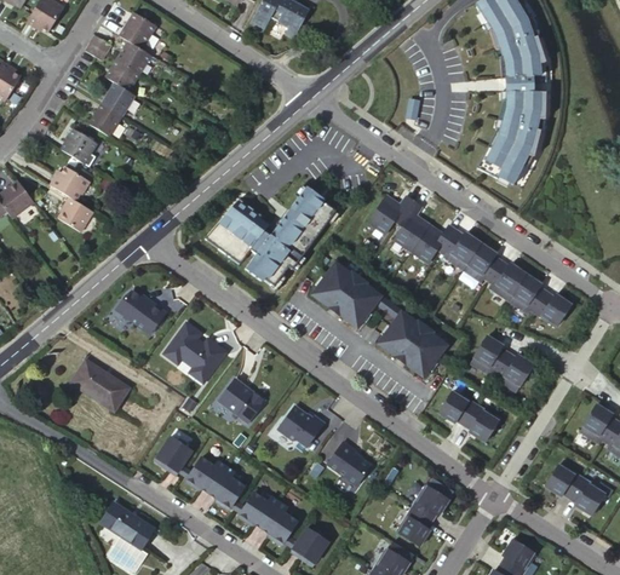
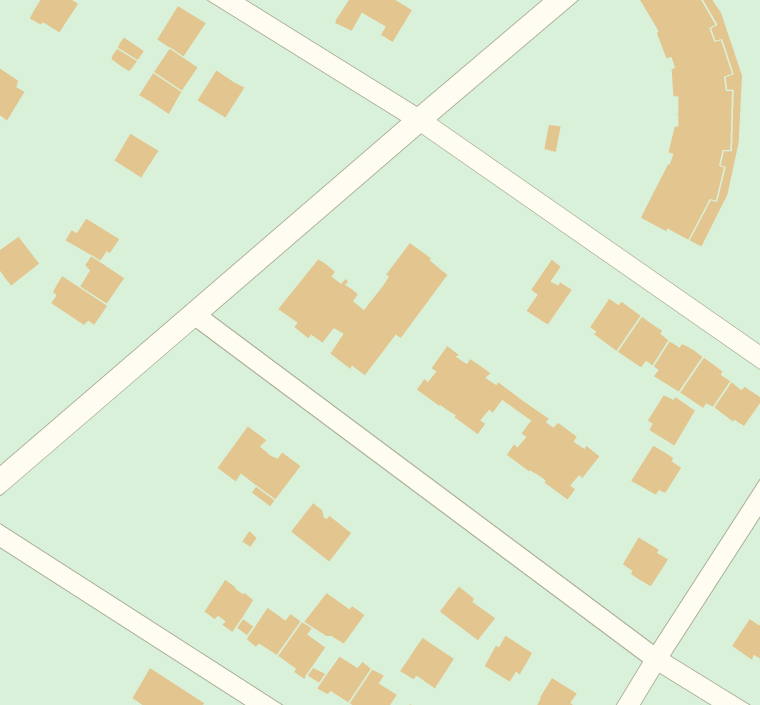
building: [99,81,136,117] -> [196,70,245,119]
building: [59,130,94,163] -> none
building: [366,191,412,230] -> none
building: none -> [50,275,108,326]
building: [409,220,454,259] -> none
building: [116,289,166,333] -> none
building: [496,352,533,391] -> [647,394,696,447]
building: [71,358,130,410] -> none
building: [440,391,476,424] -> none
building: [277,406,323,444] -> [303,592,365,645]
building: none -> [399,637,455,690]
building: [412,484,448,519] -> [484,635,533,682]

